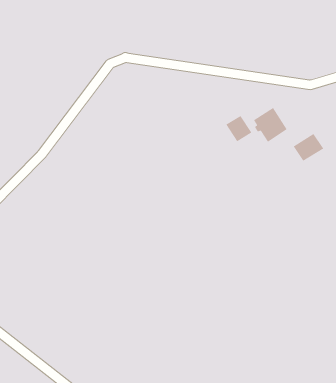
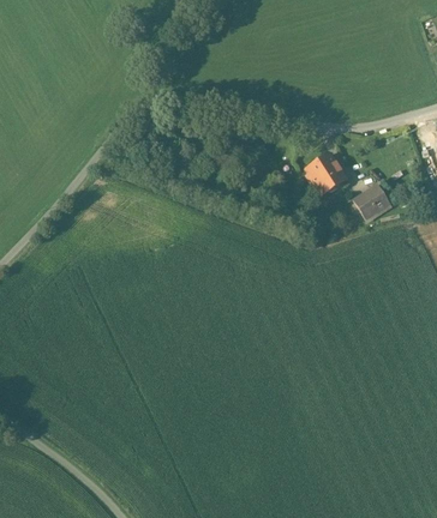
building: [226,115,252,142] -> none

